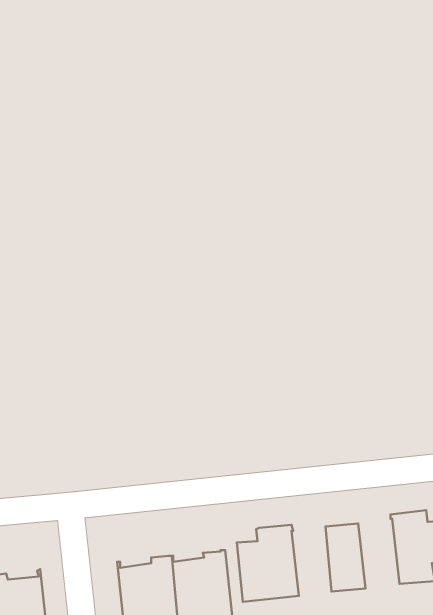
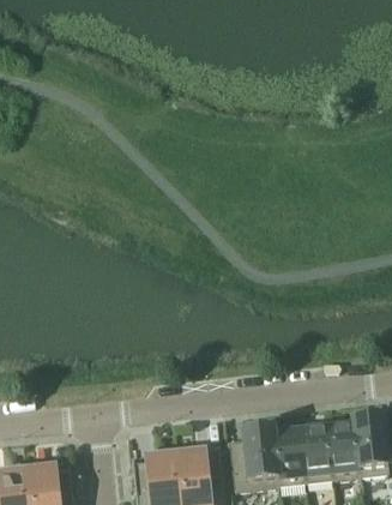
building: none -> [326,425,360,481]
building: none -> [272,431,304,487]

